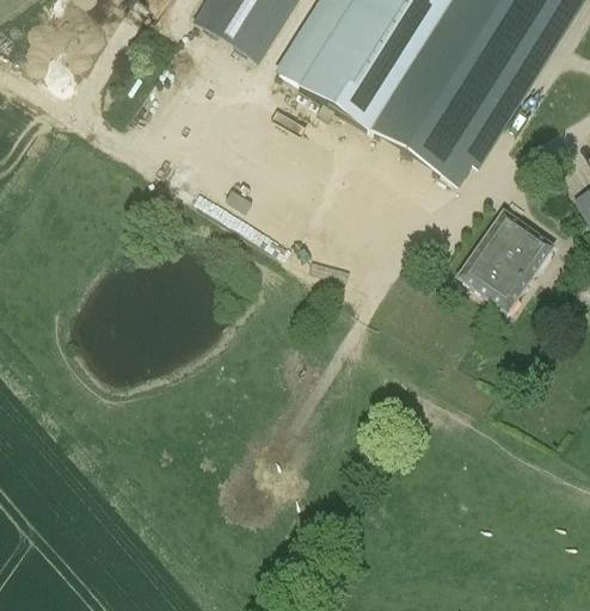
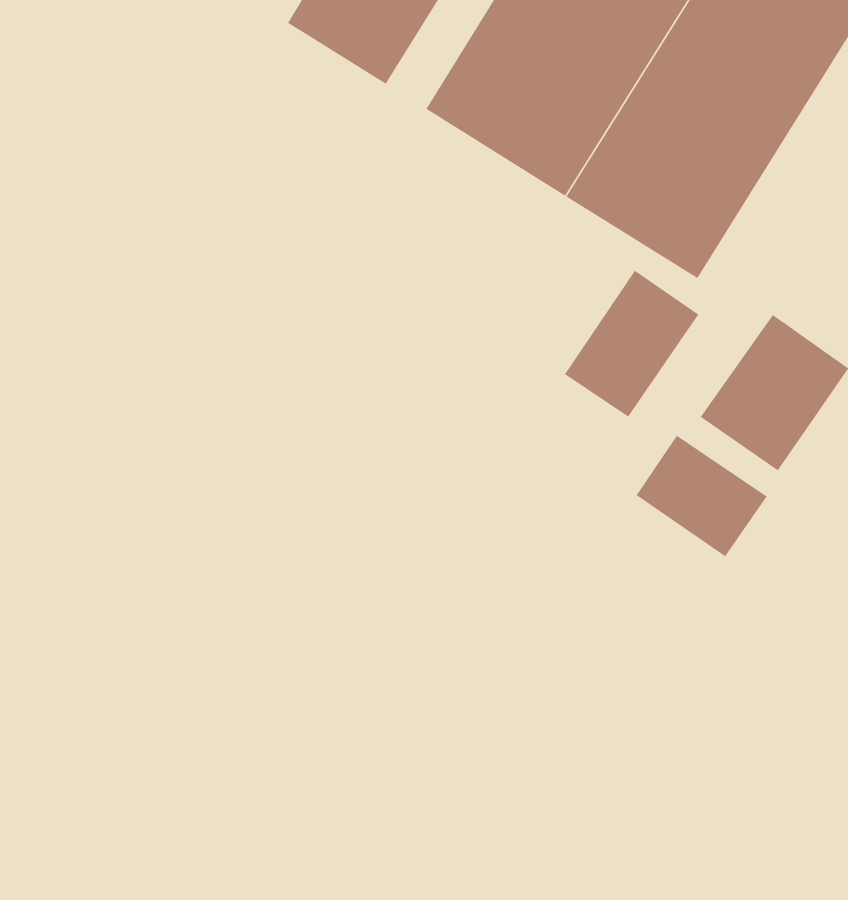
building: none -> [564,270,699,417]
building: none -> [636,435,768,557]

